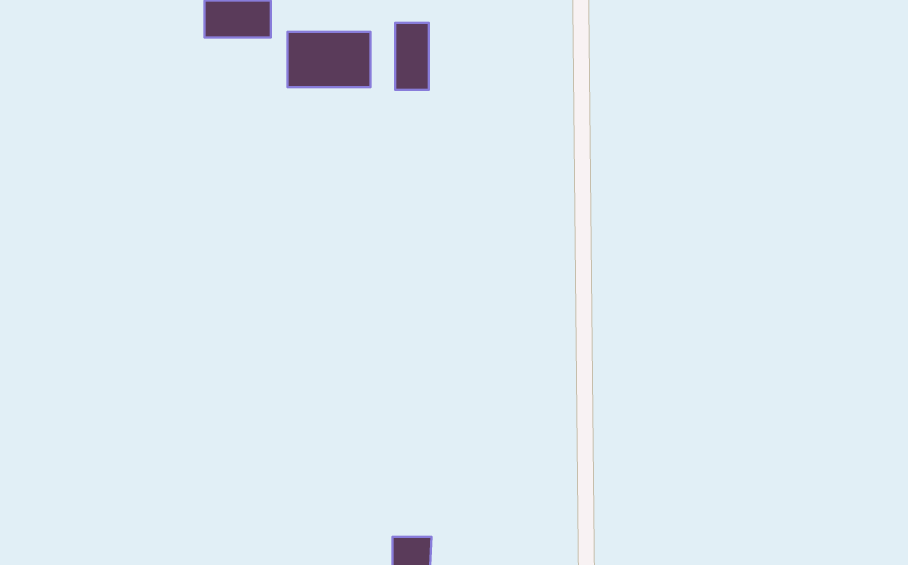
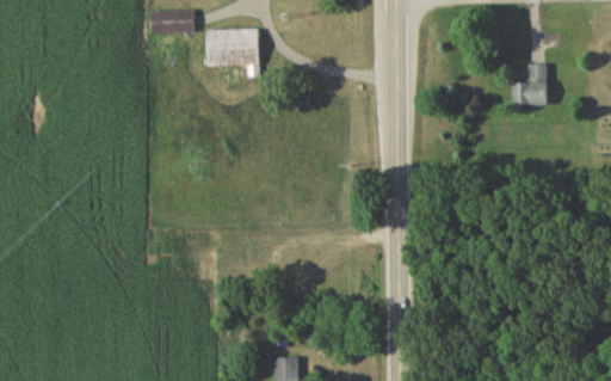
building: [395,23,429,90] -> none
building: none -> [513,64,548,105]

